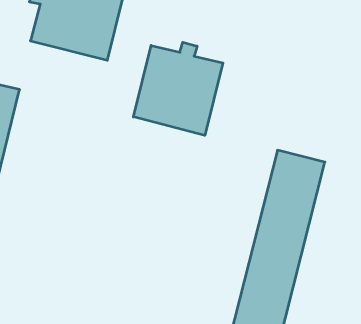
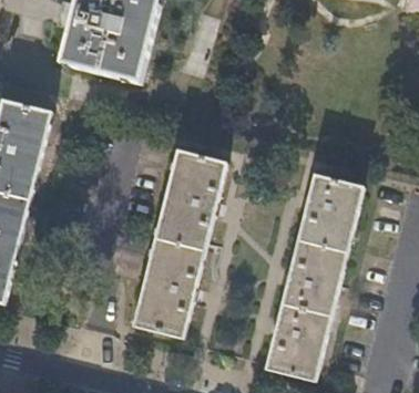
building: [133,42,223,135] -> none
building: none -> [135,153,227,338]

